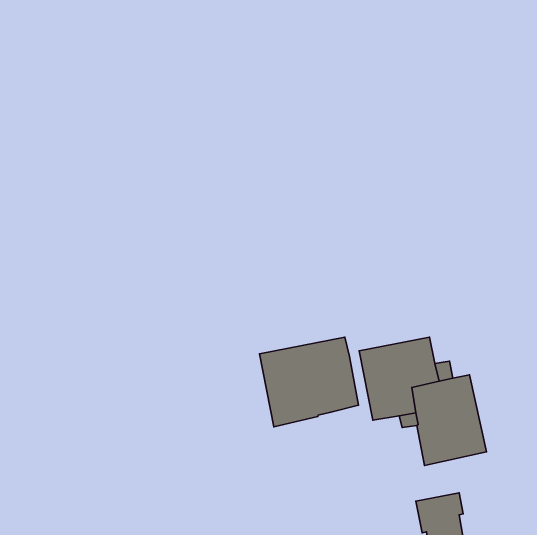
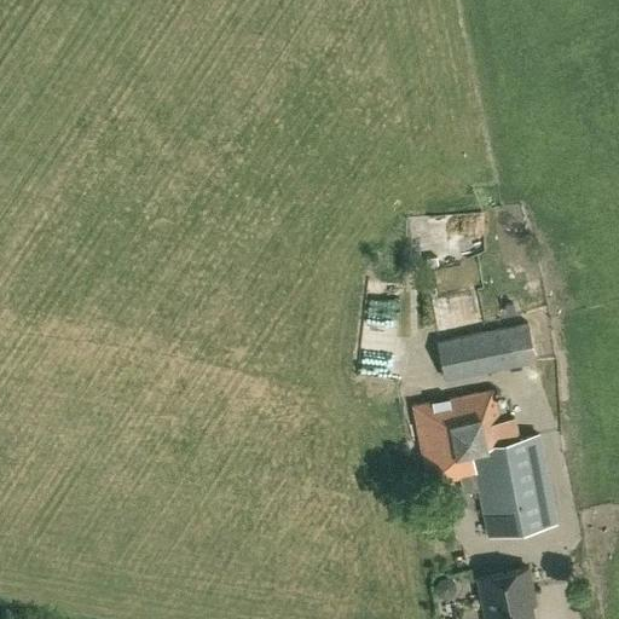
building: none -> [436,323,536,382]
building: [260,337,358,427] -> none

